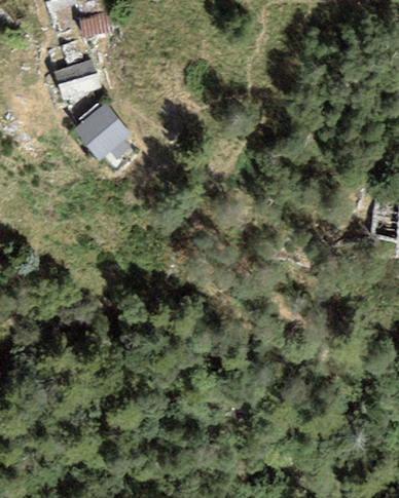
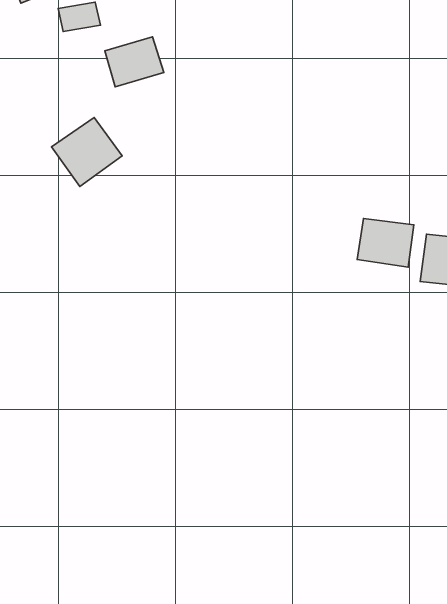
building: [53,59,101,99] -> [105,37,164,87]
building: none -> [357,218,414,267]

